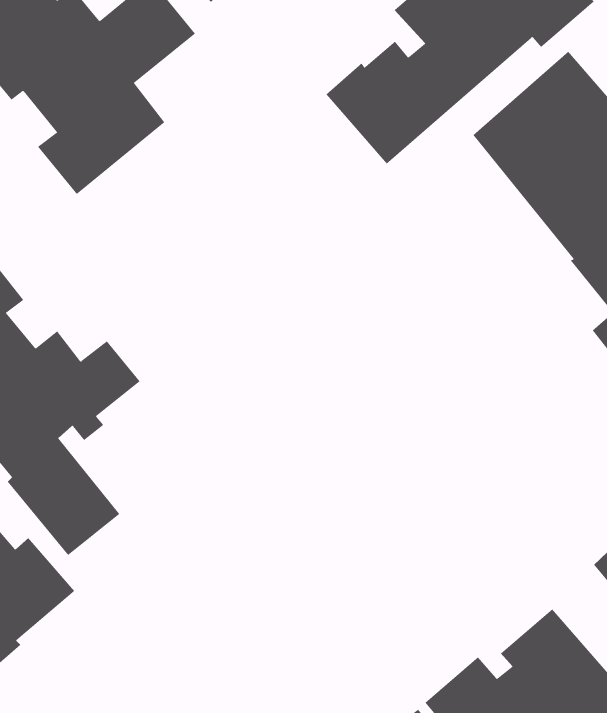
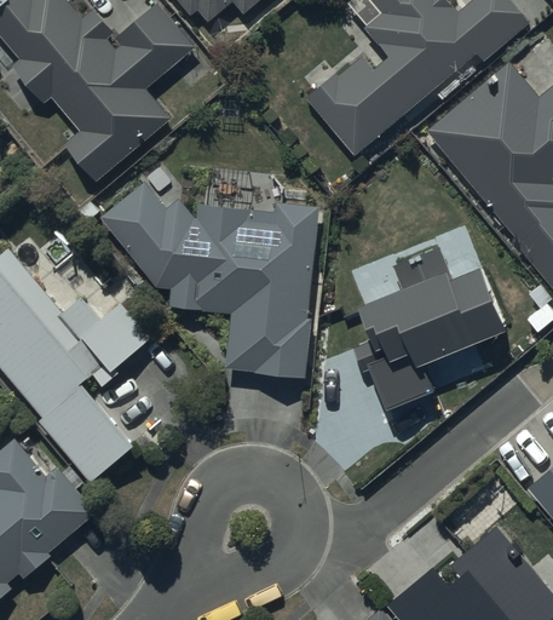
building: none -> [102,182,313,377]
building: none -> [350,242,507,409]

